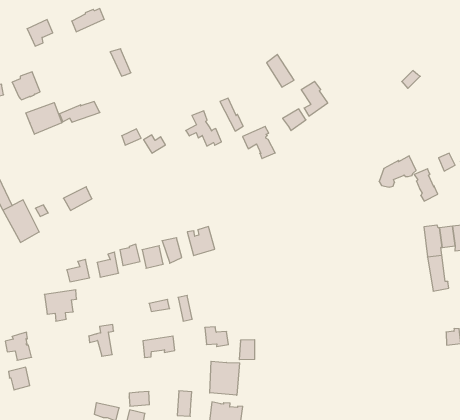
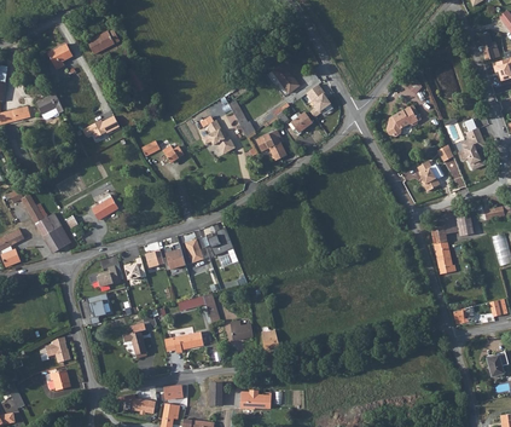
building: [26,103,62,134] -> none
building: [379,156,416,187] -> [385,105,419,135]
building: [210,361,240,395] -> none

